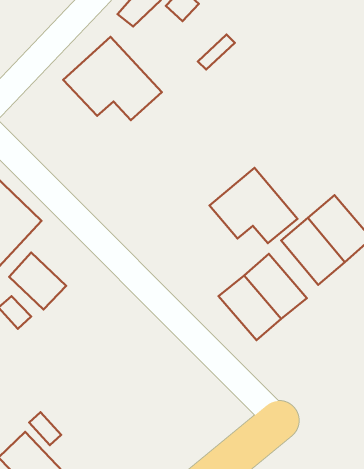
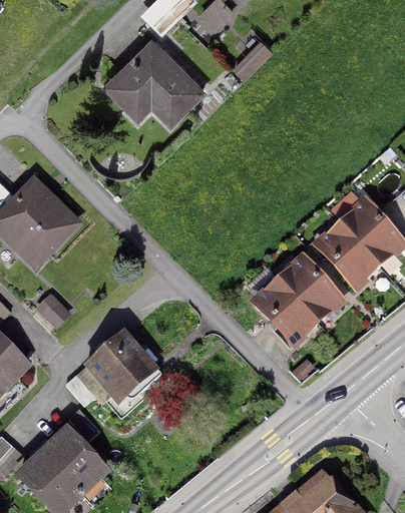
building: [209,168,298,243] -> none
building: [9,252,66,309] -> none
building: none -> [85,343,154,411]

